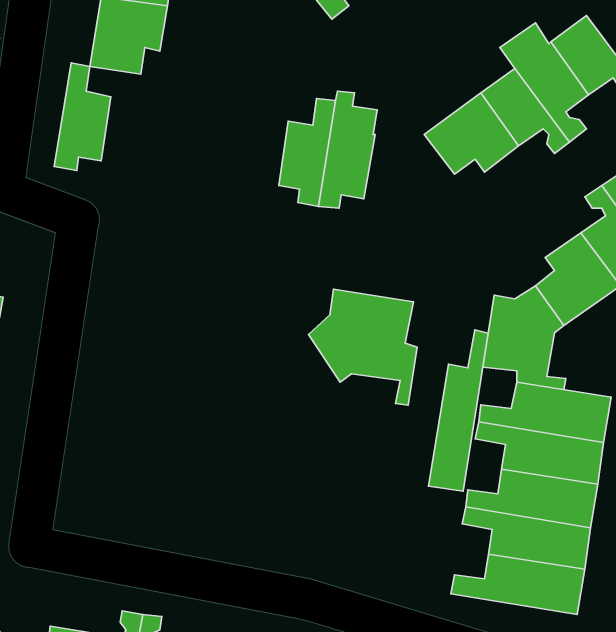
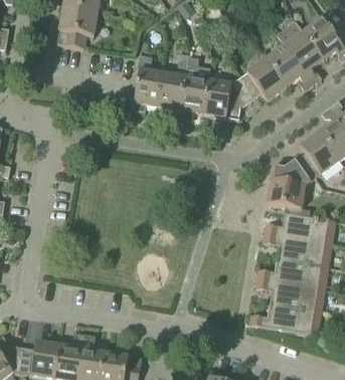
building: [54,63,111,170] -> [133,54,163,112]
building: none -> [203,79,251,120]
building: [308,289,417,405] -> none
building: [429,330,488,491] -> none

